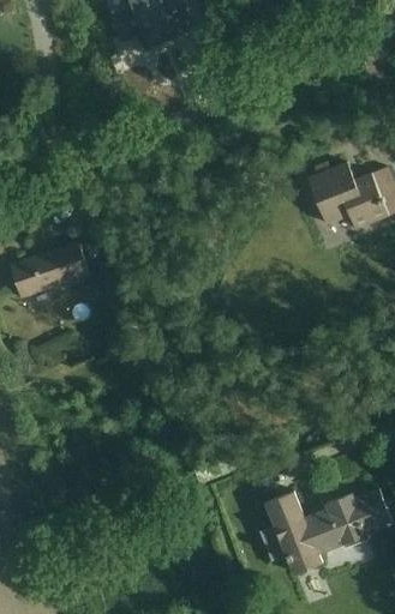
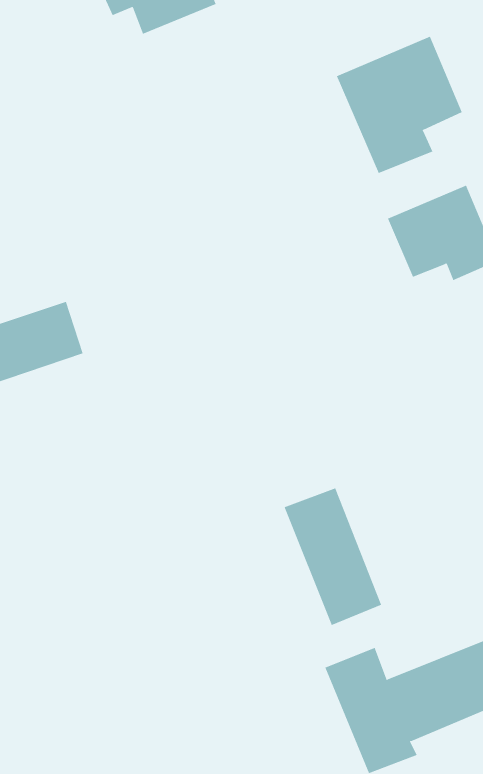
building: none -> [336,36,463,174]
building: none -> [284,488,382,626]

